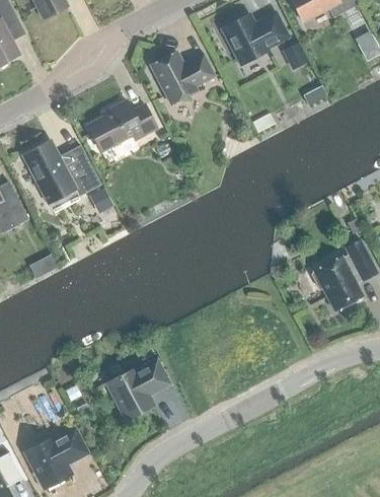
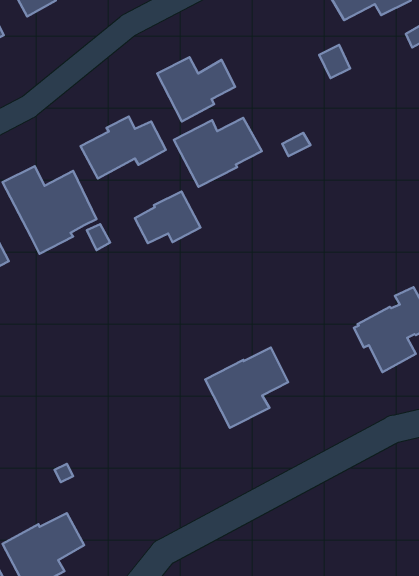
building: [220,10,292,67] -> [174,118,262,187]
building: none -> [135,191,201,243]
building: [104,356,172,422] -> [205,347,288,428]

